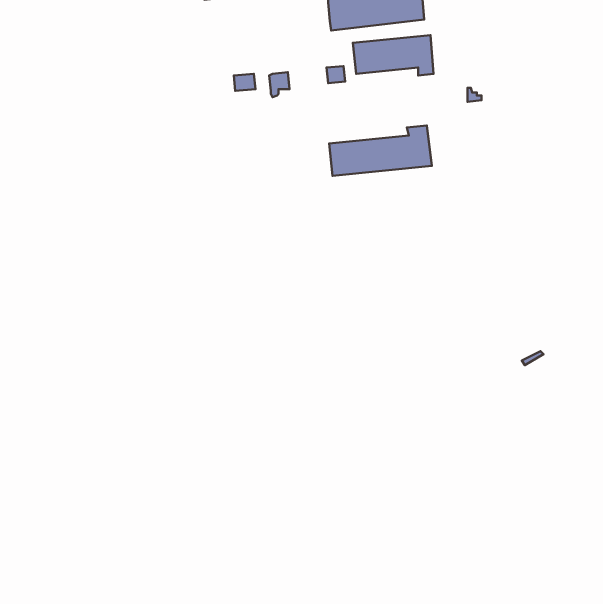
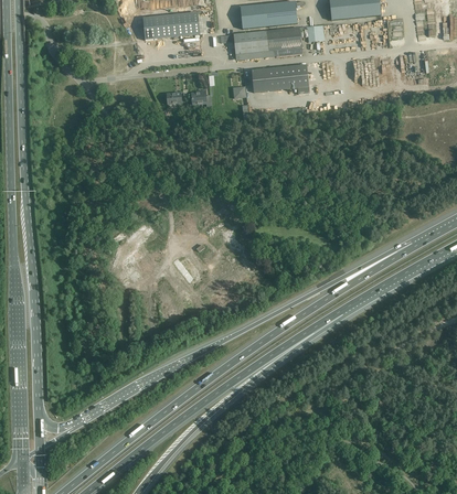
building: [329,126,432,176] -> none

